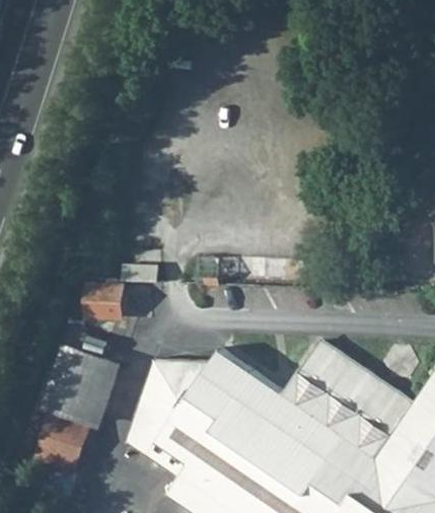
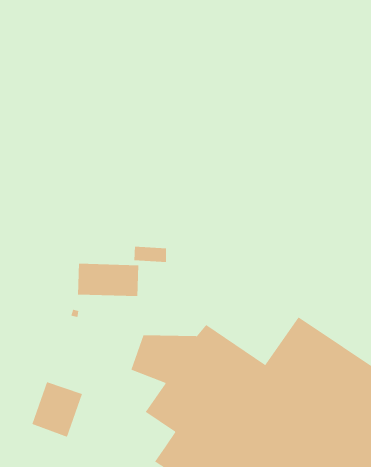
building: [43,344,113,423] -> none
building: [126,397,188,479] -> none

